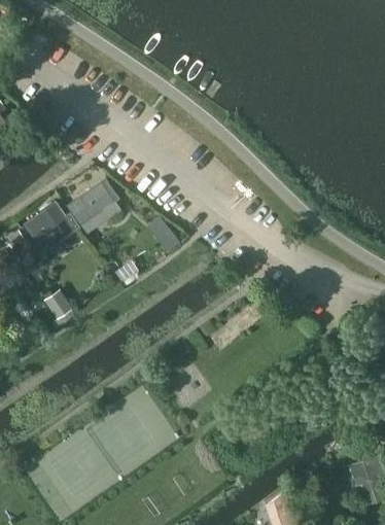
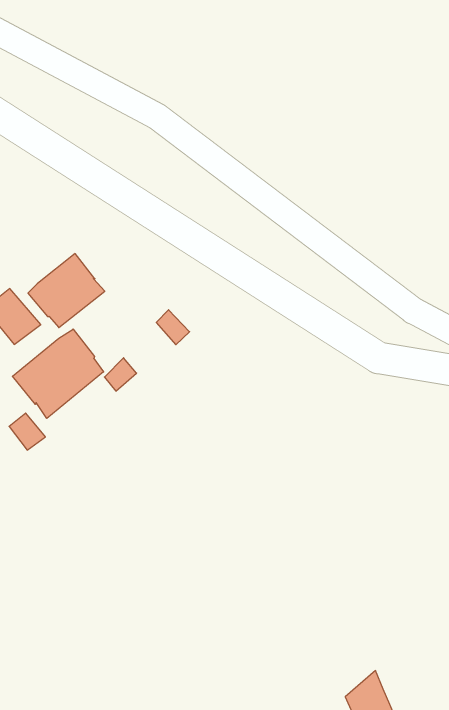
building: none -> [12,329,104,418]

